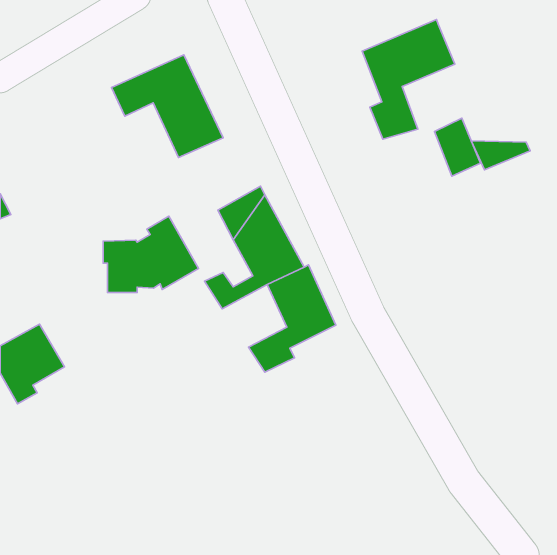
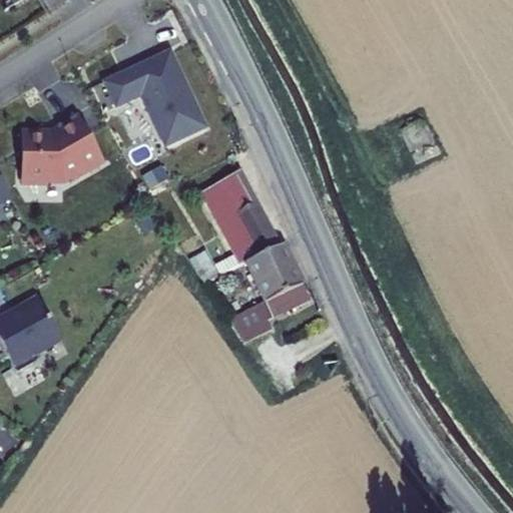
building: [362,19,455,139] -> none
building: [471,141,530,170] -> none
building: [103,216,198,293] -> [18,111,105,181]

